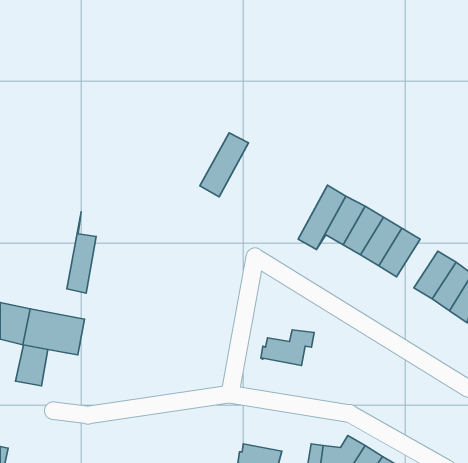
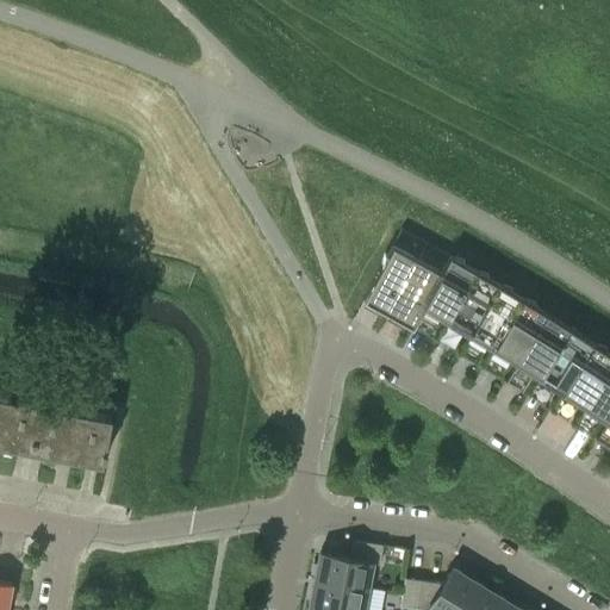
building: [200,133,249,197] -> [363,235,427,318]
building: [67,212,96,293] -> none
building: none -> [516,318,569,381]
building: [261,330,314,365] -> [315,547,384,593]
building: [16,345,48,386] -> none

